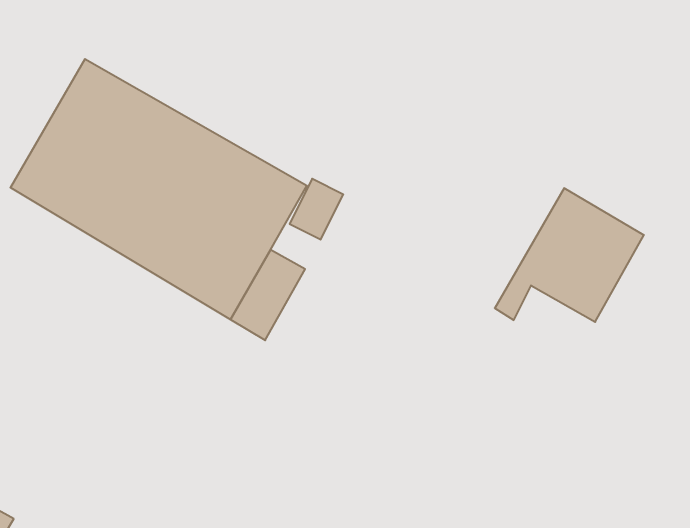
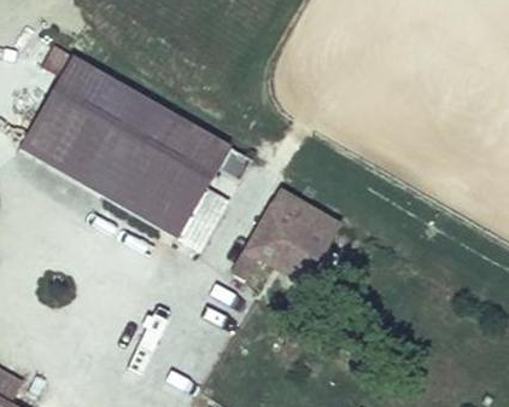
building: [495,188,644,322] -> [232,190,335,283]

